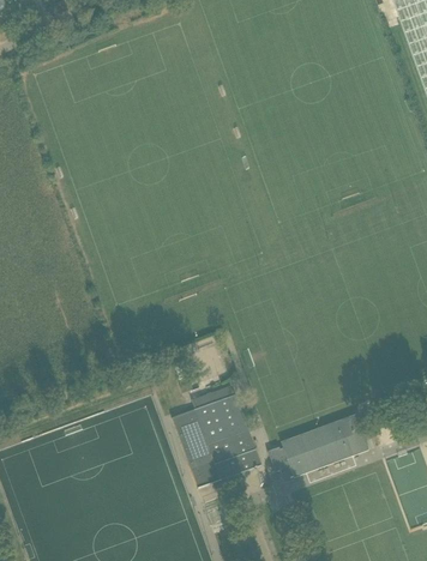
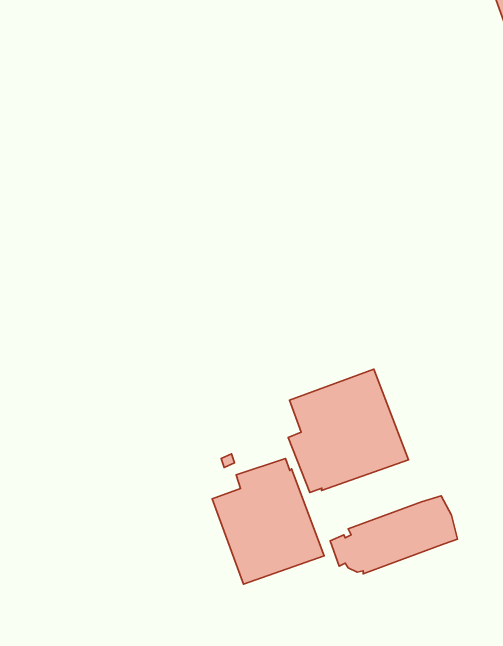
building: none -> [288,369,408,492]

